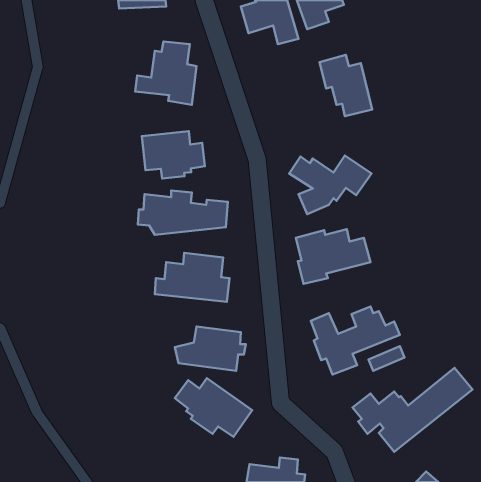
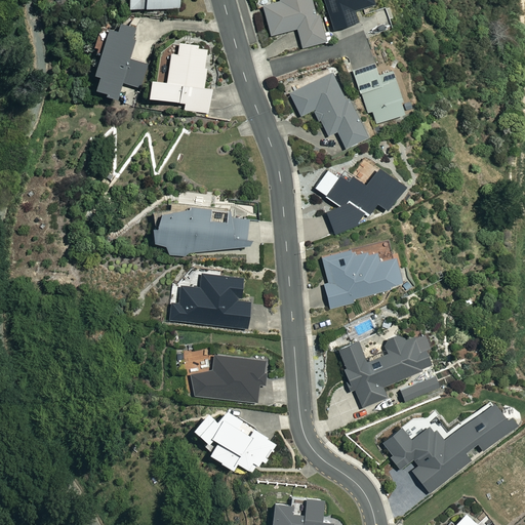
building: none -> [93,24,149,99]
building: none -> [291,75,369,149]
building: [142,131,205,178] -> none

